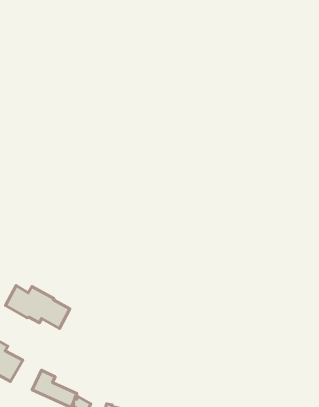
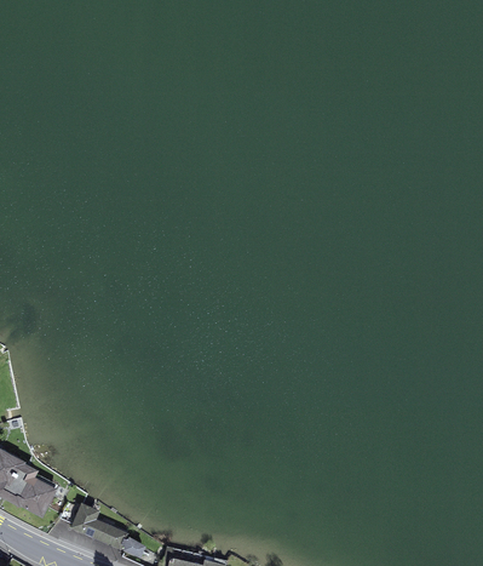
building: [5,286,70,328] -> none

